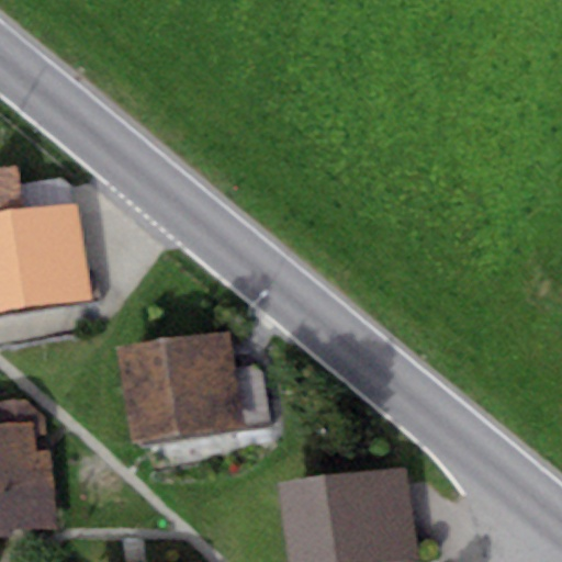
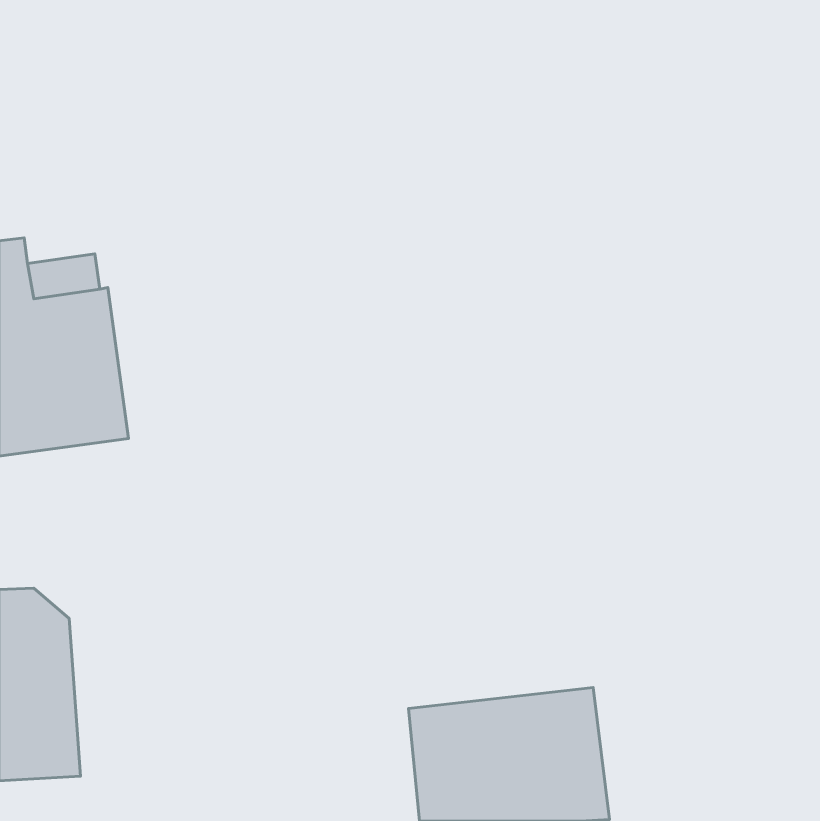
building: [117,333,241,441] -> none

